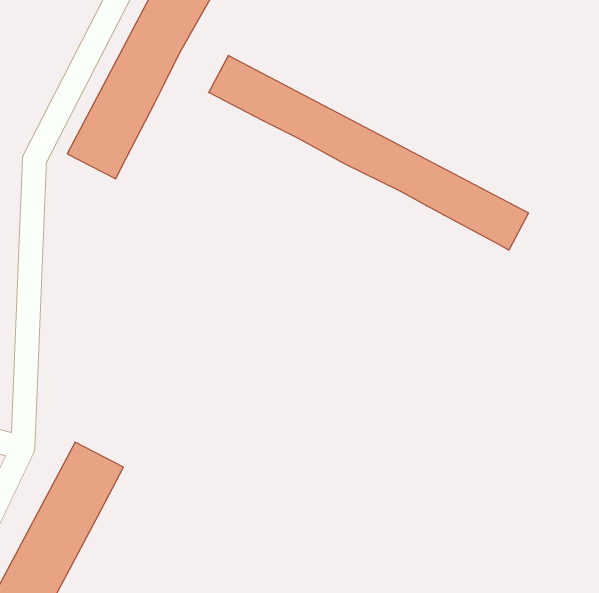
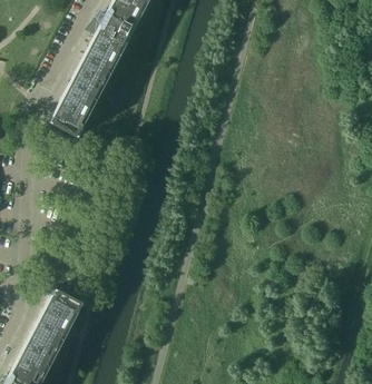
building: [209,55,529,250] -> none

